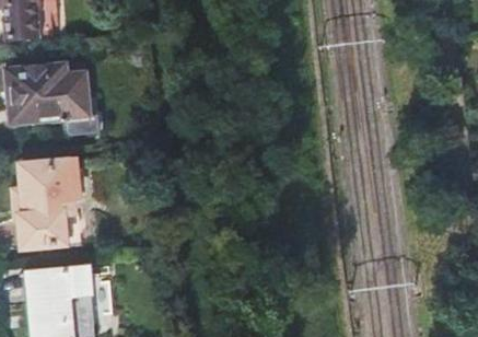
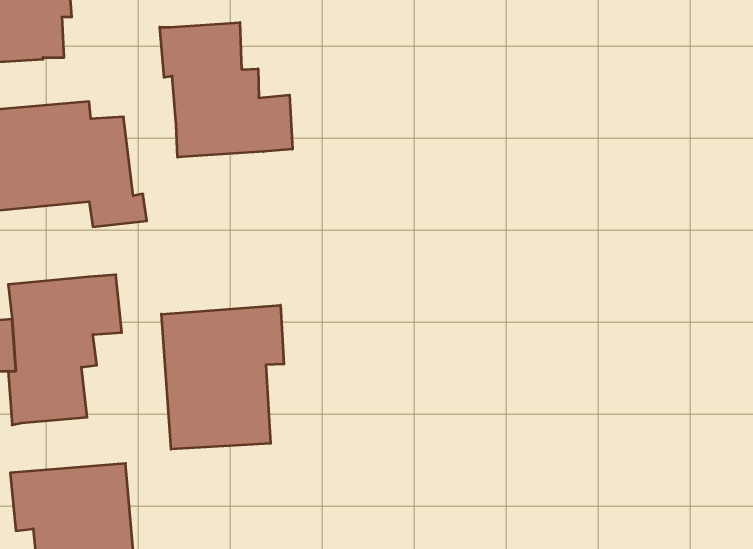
building: none -> [160,22,292,157]
building: none -> [161,305,284,449]

